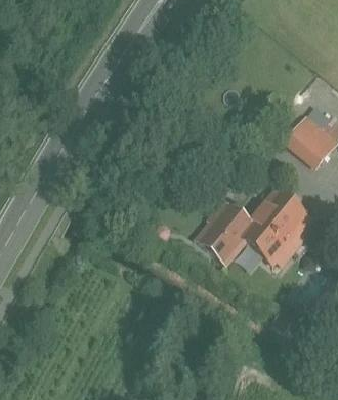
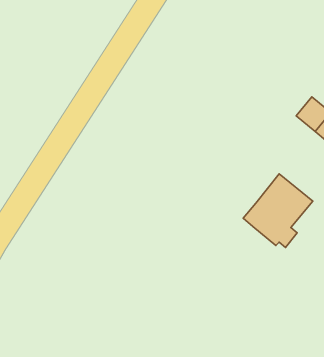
building: [199,202,253,268] -> none

